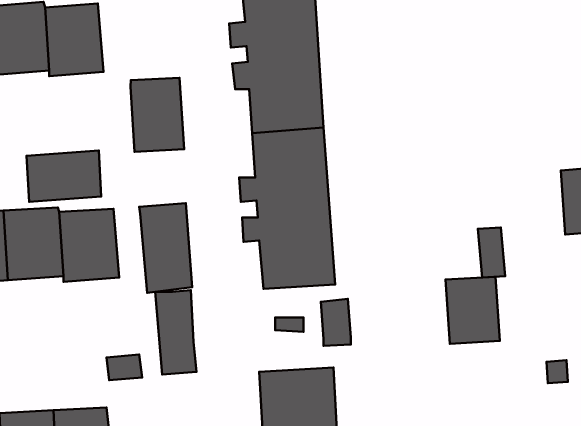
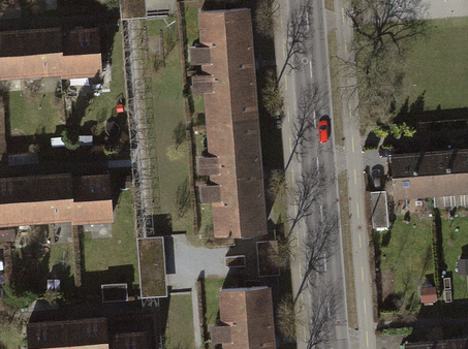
building: [130,78,184,152] -> none
building: [27,150,101,202] -> none
building: [139,203,192,293] -> none
building: [446,277,500,344] -> [395,151,434,199]

